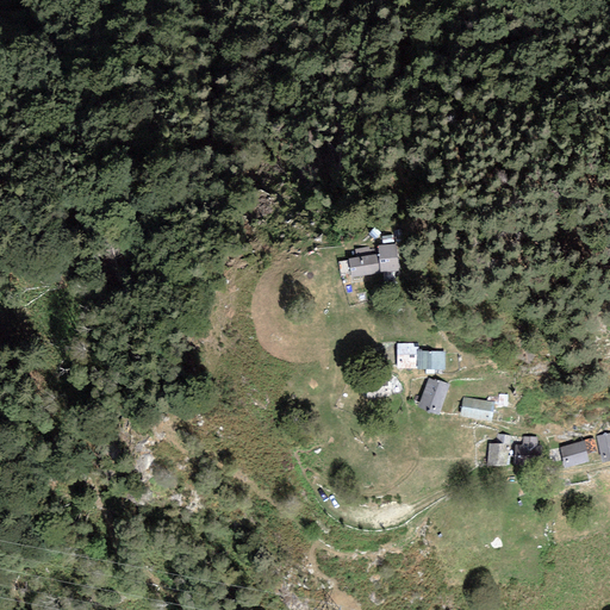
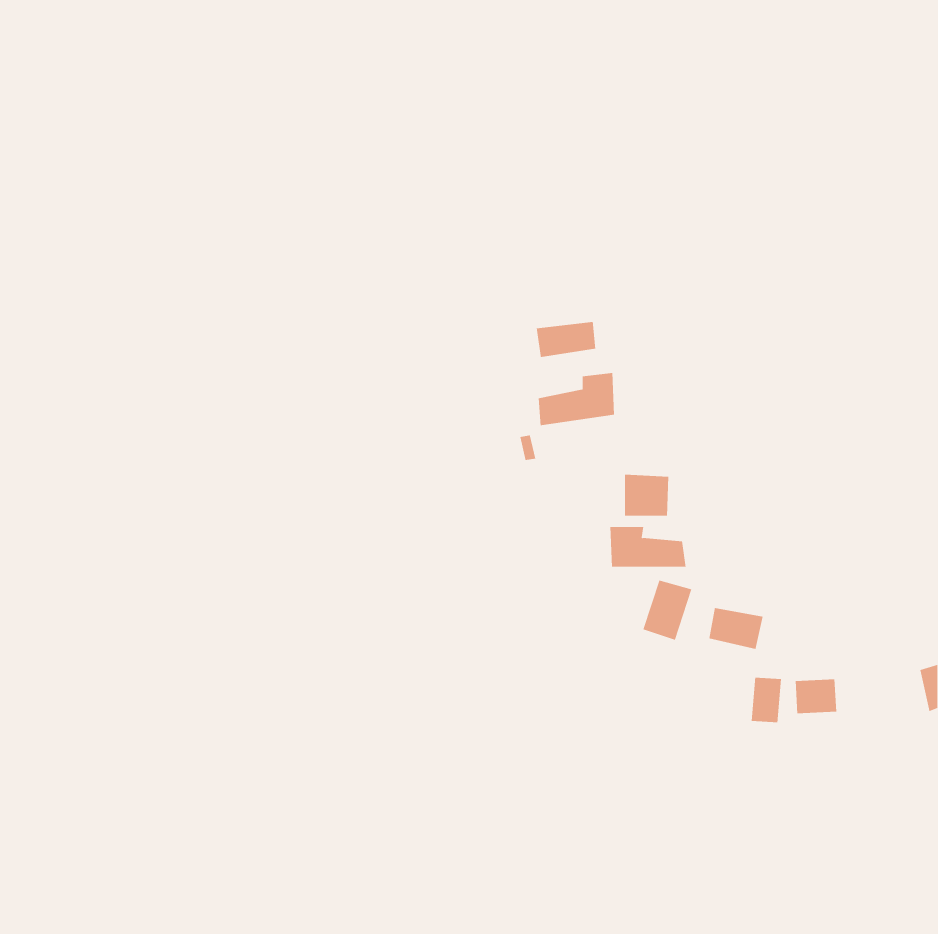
building: none -> [536,321,596,358]
building: none -> [624,474,669,517]
building: [560,440,589,467] -> none

